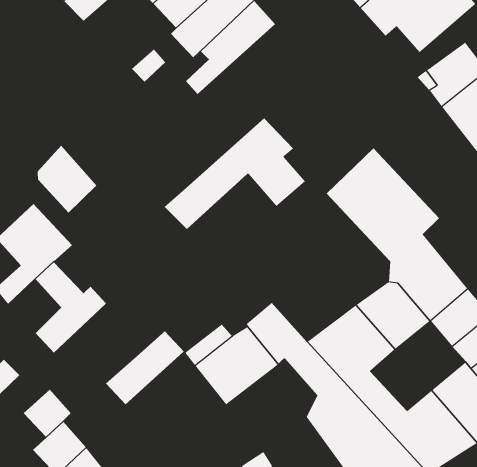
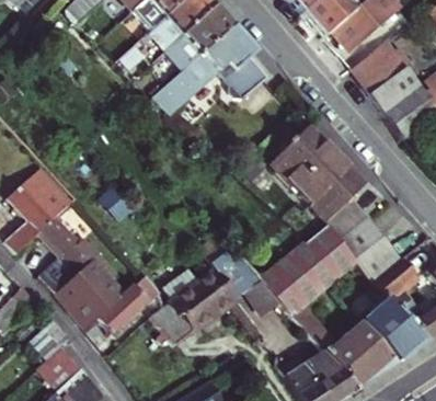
building: [164,117,306,230] -> [152,24,267,115]
building: [37,145,97,213] -> none
building: none -> [54,250,123,324]
building: none -> [149,300,193,345]

